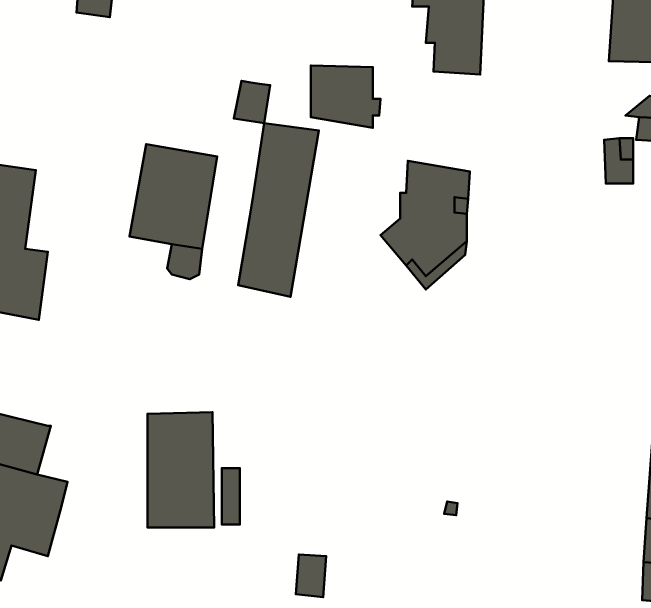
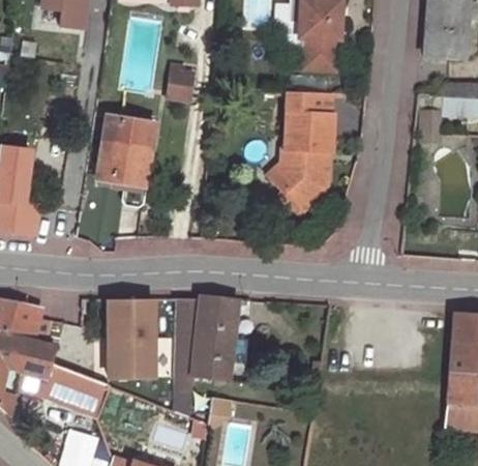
building: [311,66,381,128] -> [287,91,334,134]
building: [238,123,319,297] -> none
building: none -> [175,295,237,418]
building: none -> [40,362,107,418]

